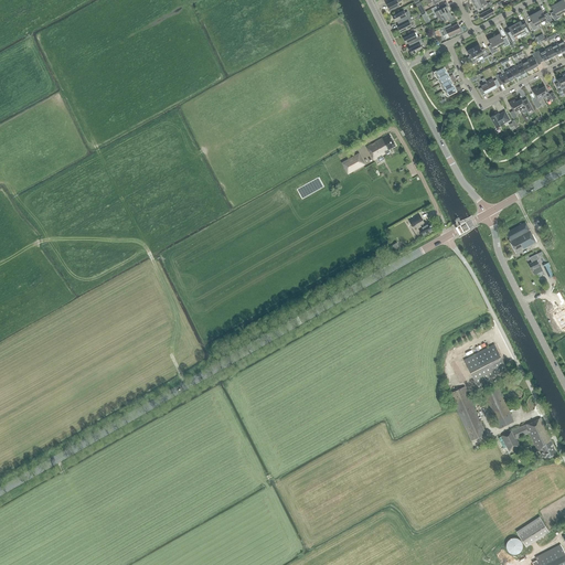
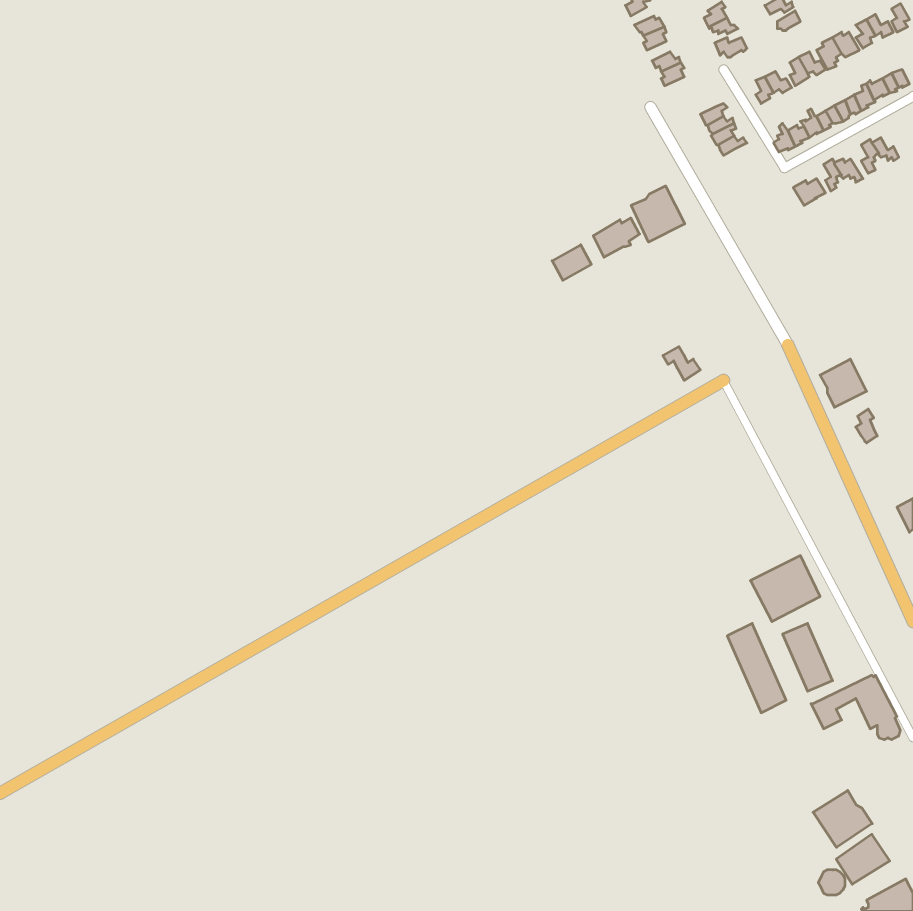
building: none -> [631,186,685,242]
building: none -> [813,790,872,847]

